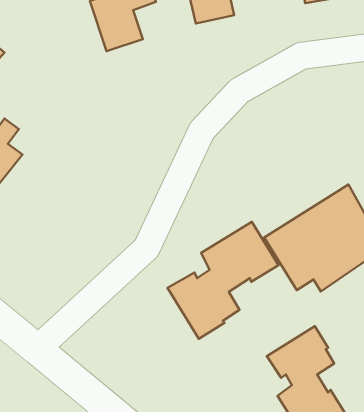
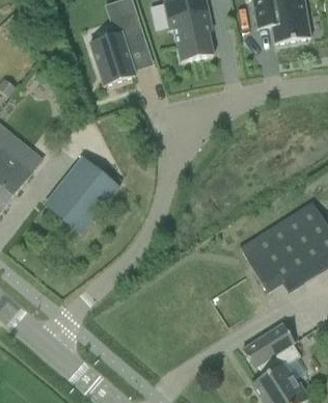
building: none -> [45,156,121,235]
building: [168,222,279,339] -> none

